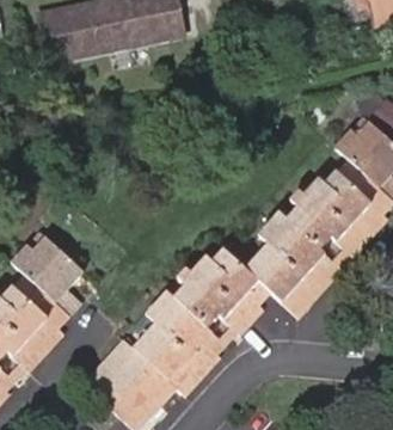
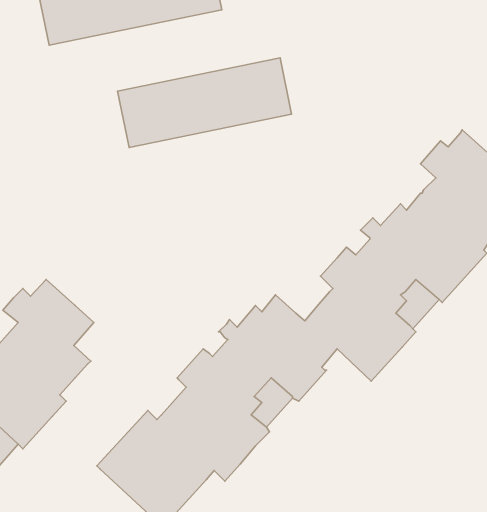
building: none -> [118,58,292,147]

